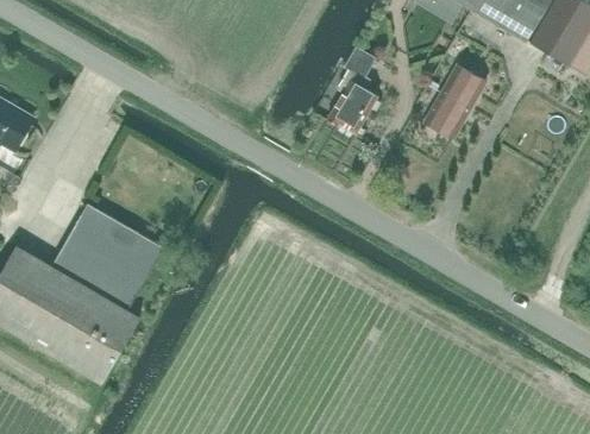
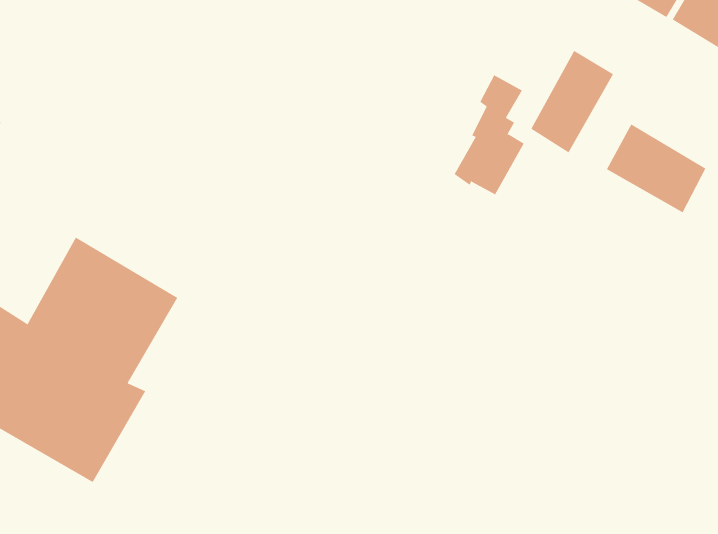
building: [325,44,377,133] -> [454,74,525,195]
building: none -> [606,124,706,213]

